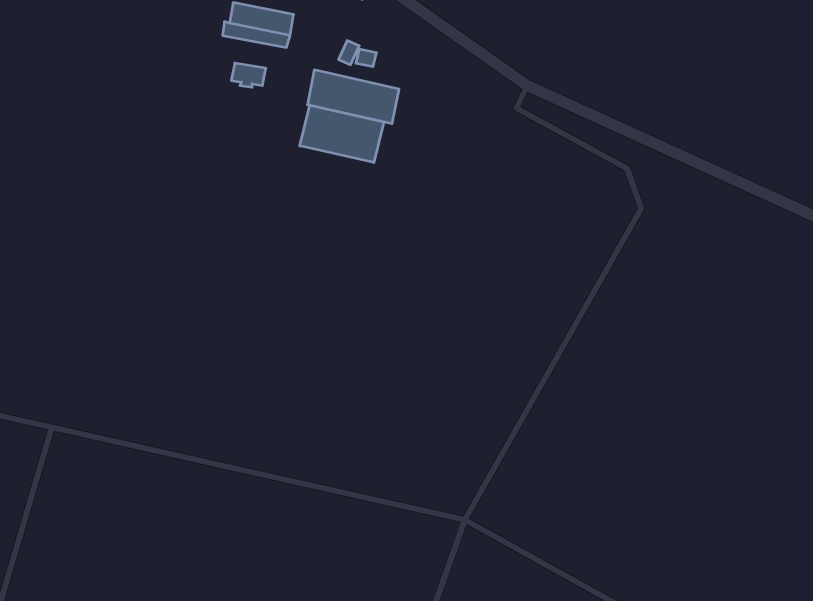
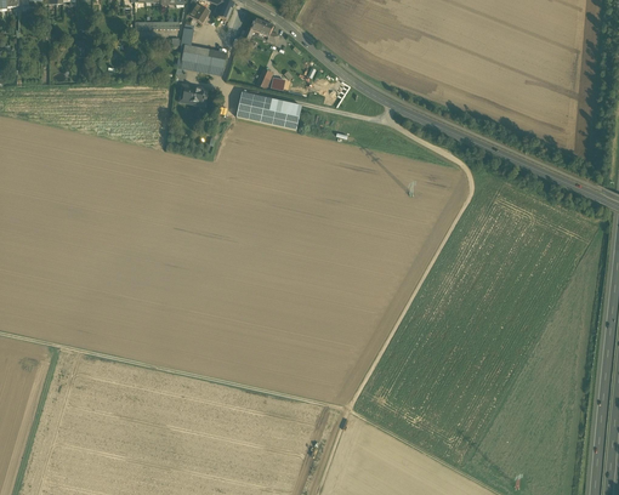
building: [300,105,384,163] -> none

